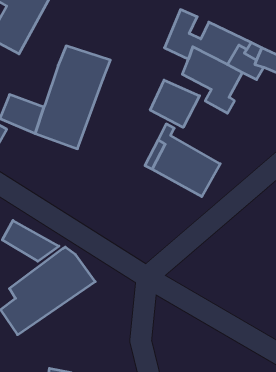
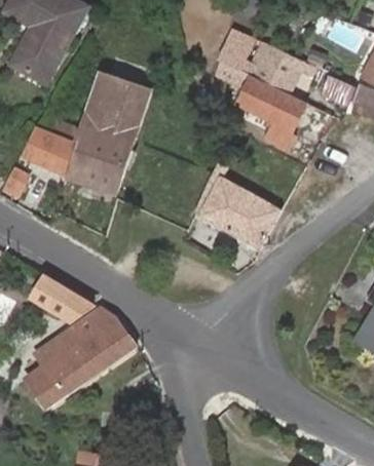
building: [150,80,200,127] -> none

